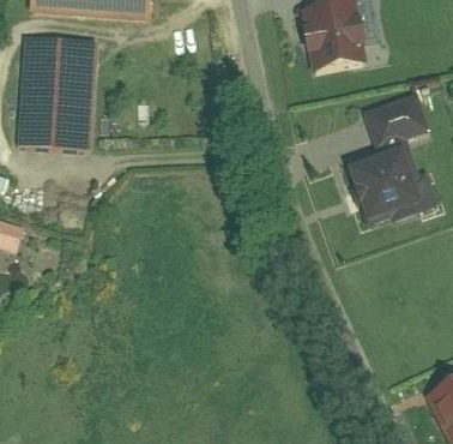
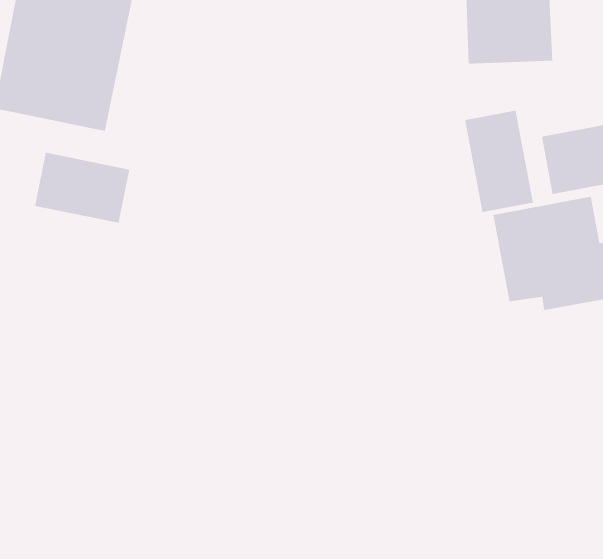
building: none -> [465,110,533,213]
building: none -> [34,152,130,224]

